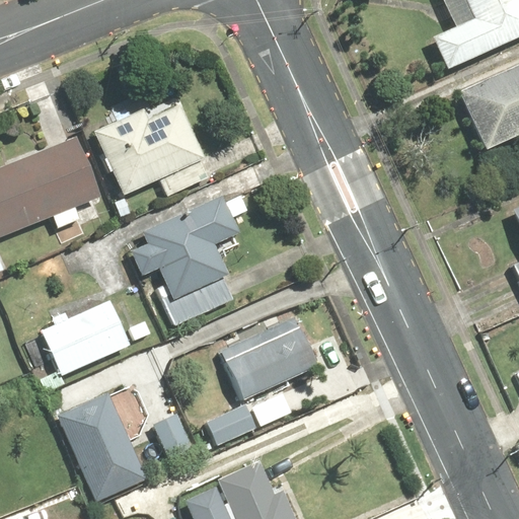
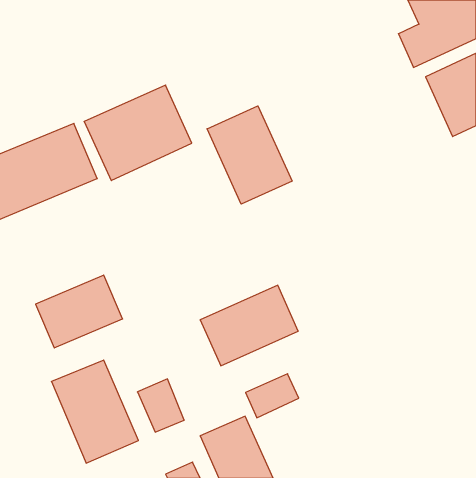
building: none -> [207,106,292,204]
building: [128,196,243,328] -> none
building: [202,400,260,448] -> [246,374,299,418]

